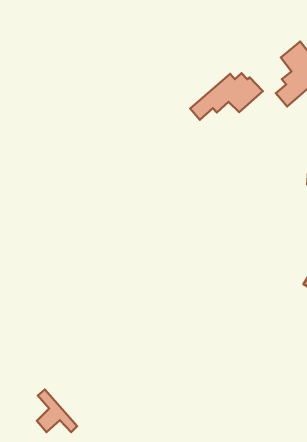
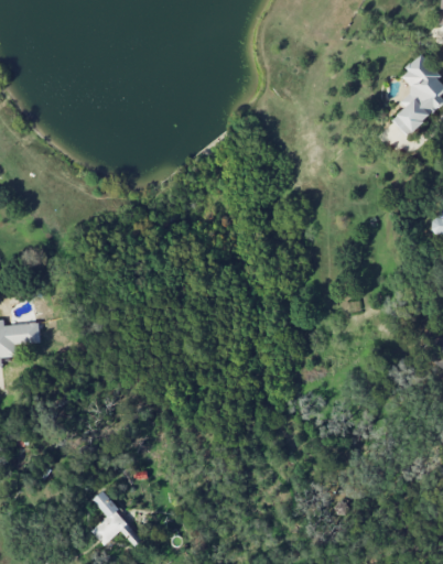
building: [190,73,263,120] -> none

